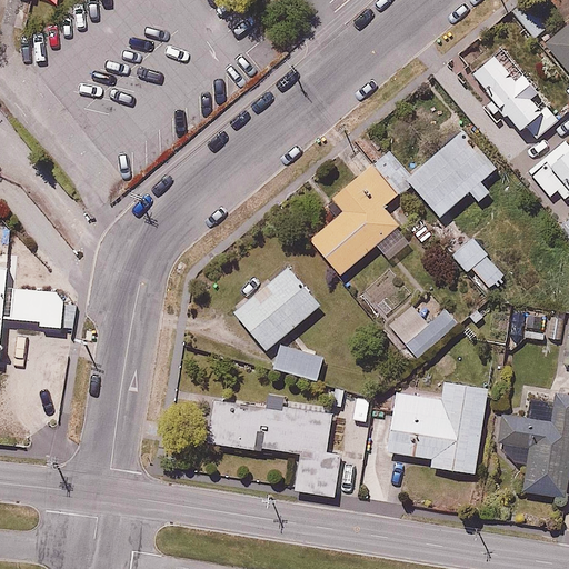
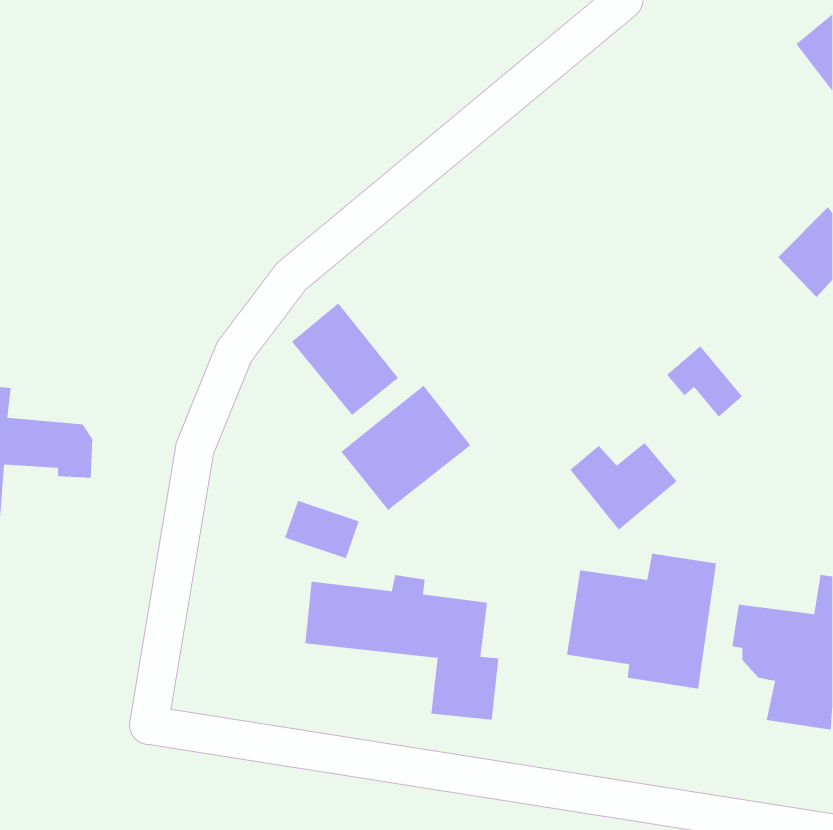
building: [468,43,559,146] -> none
building: [313,128,496,273] -> none
building: none -> [291,302,399,416]
building: [270,343,321,383] -> [284,500,360,559]

